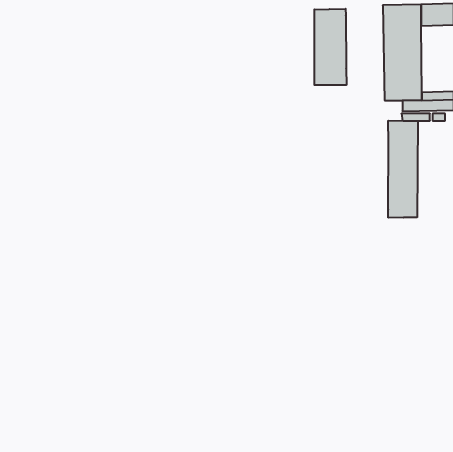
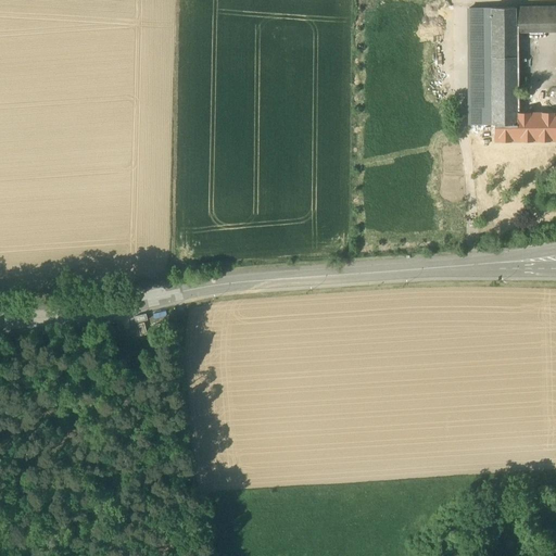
building: [314,9,346,85] -> none
building: [388,121,418,218] -> none

